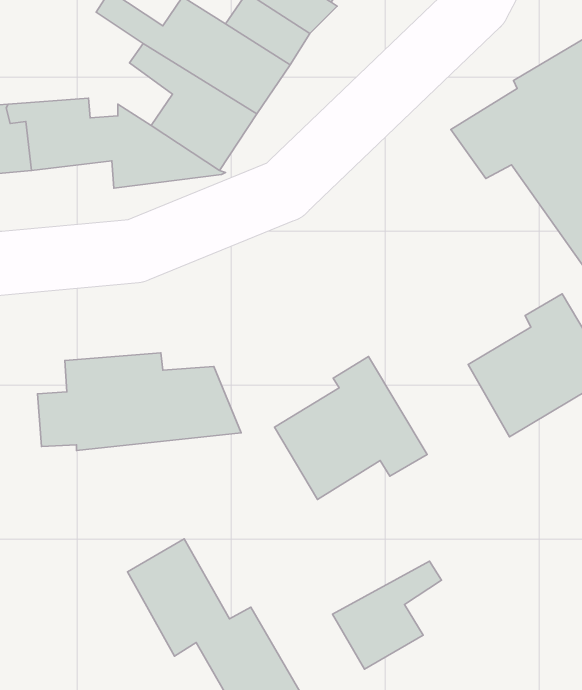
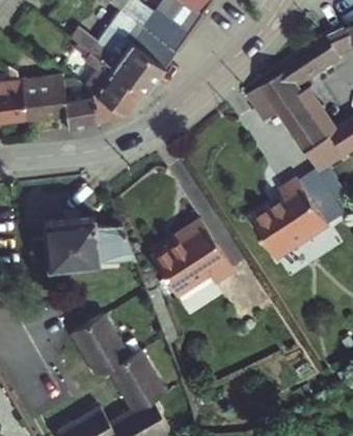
building: [332,561,441,669] -> none

